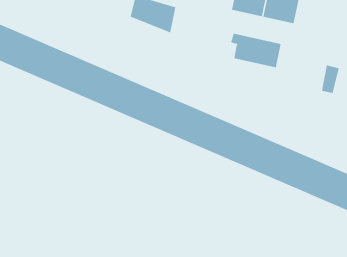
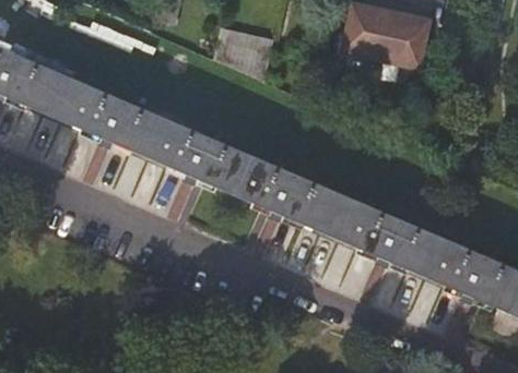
building: [230,33,281,68] -> none

